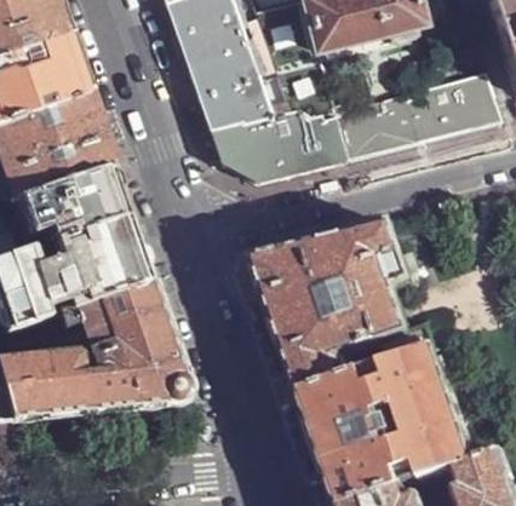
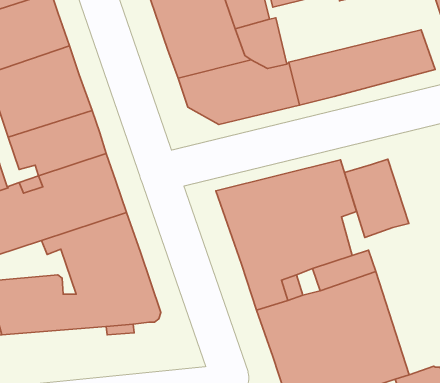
building: none -> [344,159,409,237]

